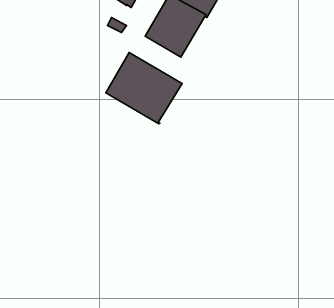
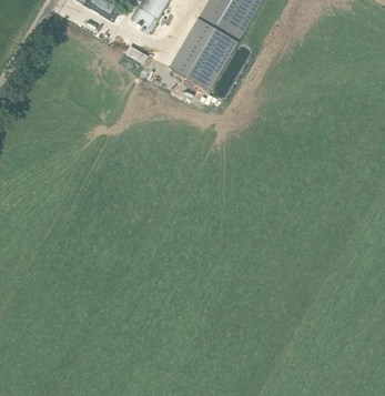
building: [106,53,182,124] -> none

